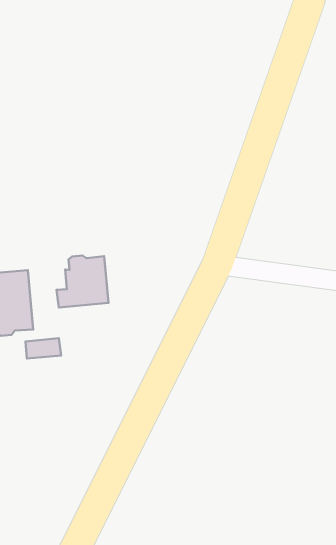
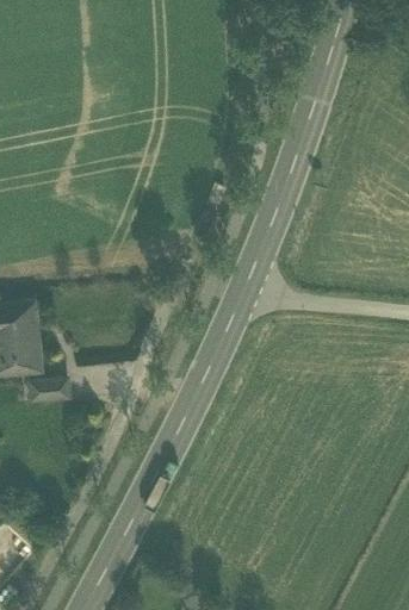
building: [56,255,109,308] -> none

